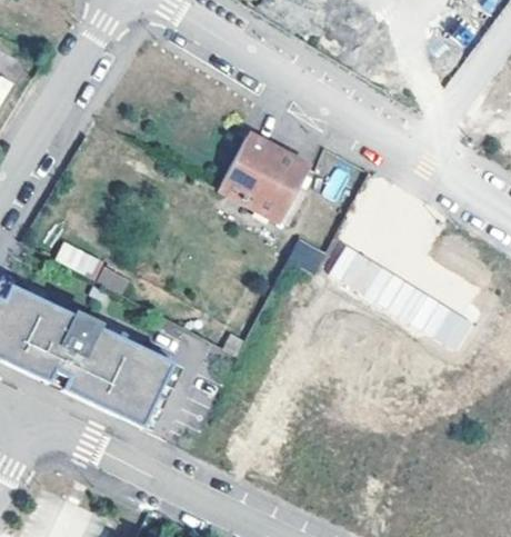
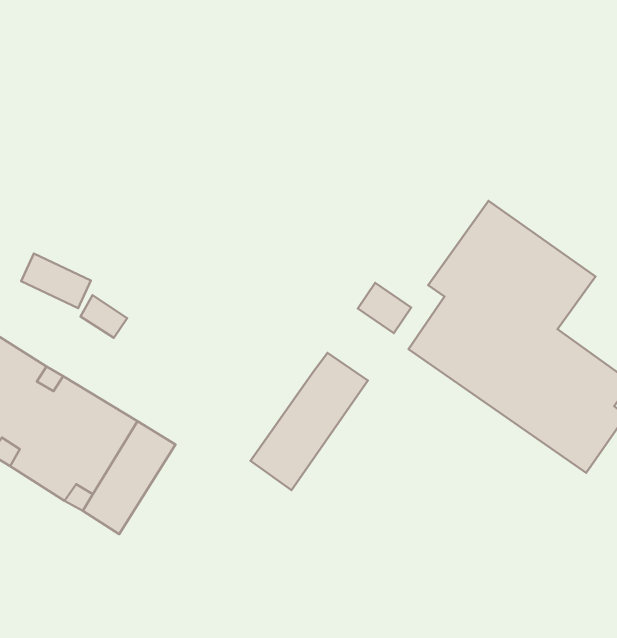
building: [217,132,303,225] -> none
building: none -> [250,353,368,490]

